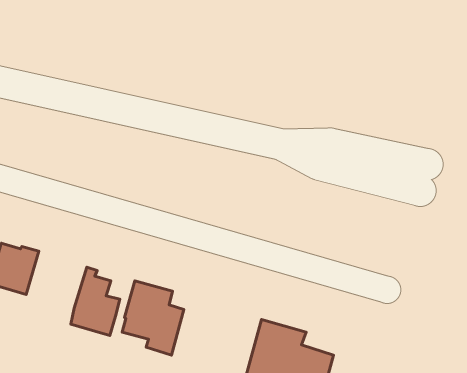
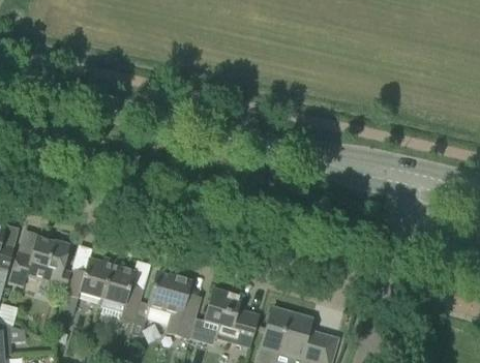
building: none -> [60,255,114,314]
building: none -> [204,288,260,345]

